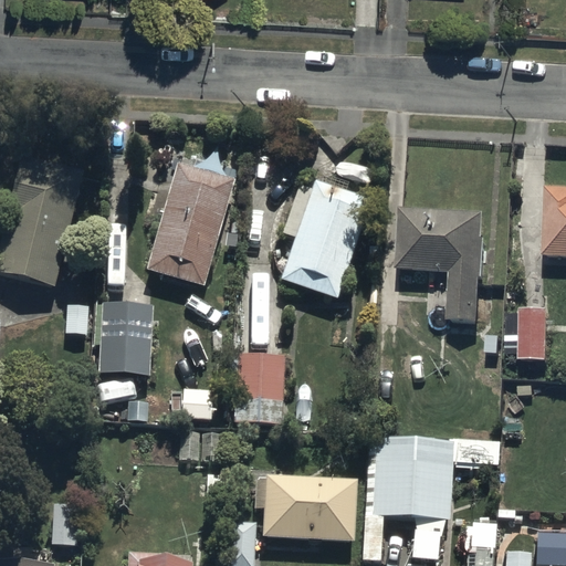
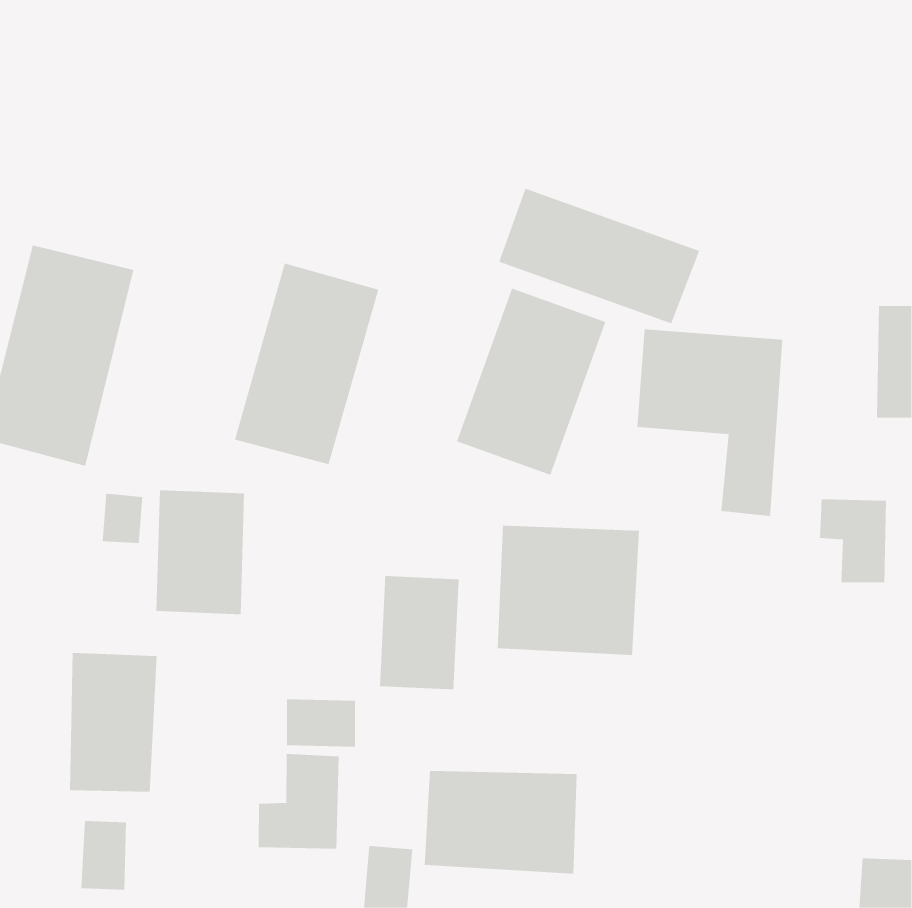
building: none -> [498,188,700,324]
building: none -> [70,652,157,792]
building: [364,440,452,521] -> [497,525,640,655]
building: none -> [258,753,339,850]

